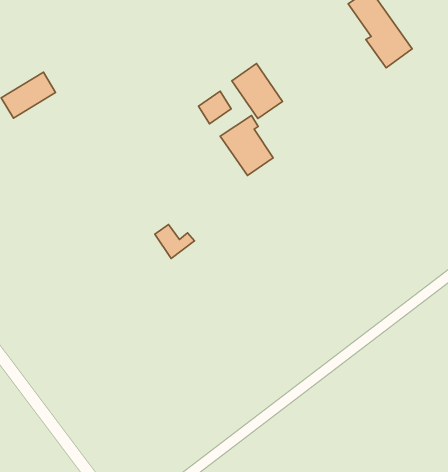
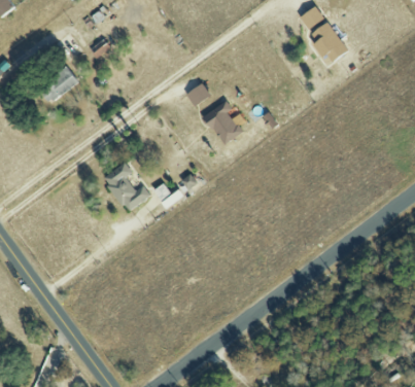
building: [232,64,282,119] -> none
building: none -> [103,161,150,211]

